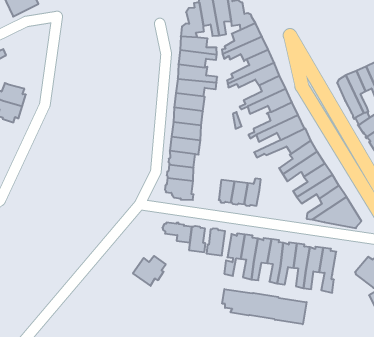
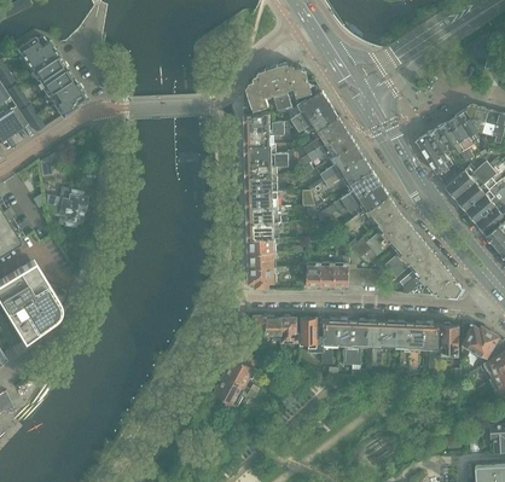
building: none -> [441,324,460,358]
building: none -> [214,376,245,413]
building: [222,289,307,324] -> none

